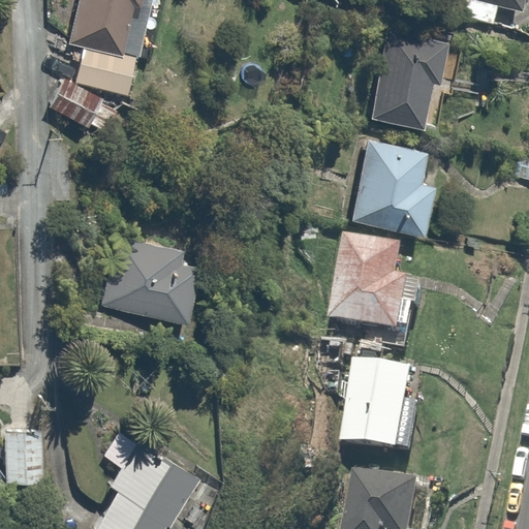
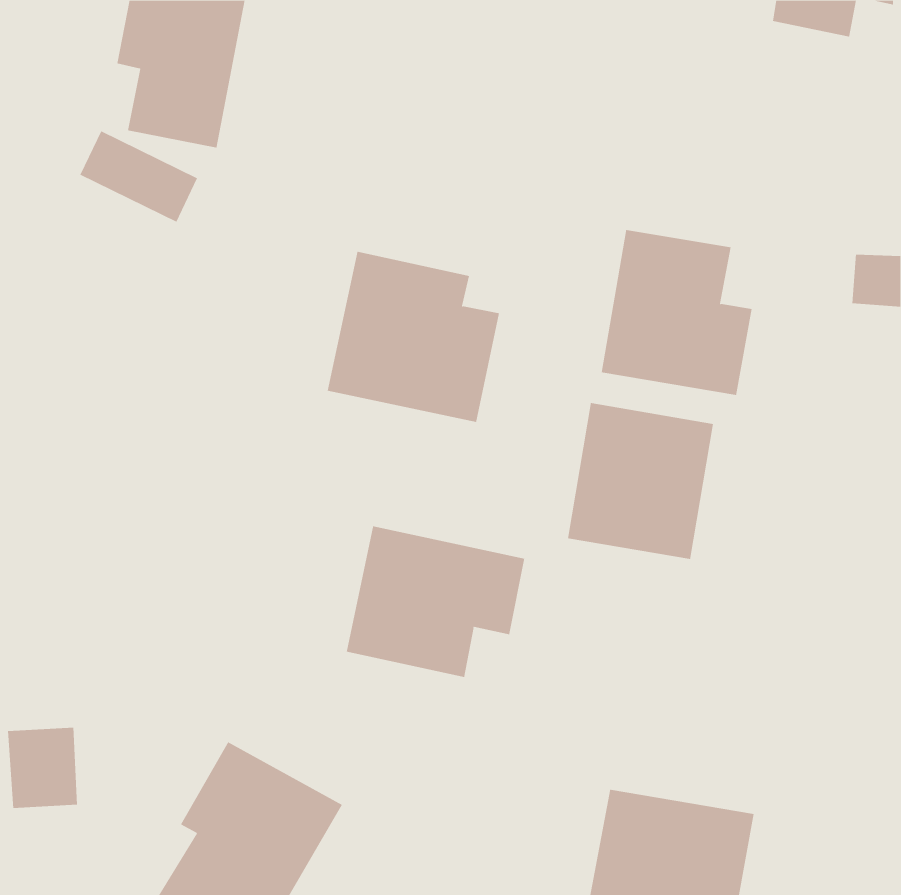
building: [365,31,450,130] -> none
building: [101,229,203,330] -> [327,251,500,422]
building: none -> [346,526,525,678]
building: [335,364,418,454] -> none

